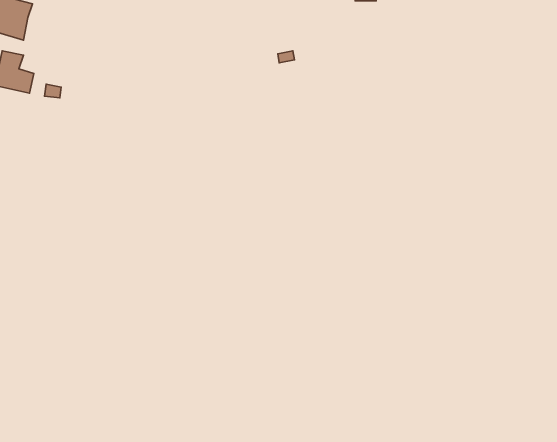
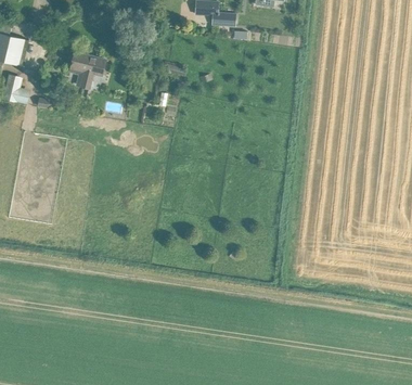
building: none -> [70,51,105,88]

